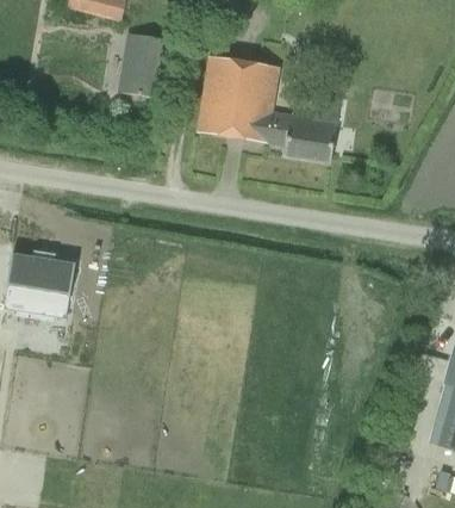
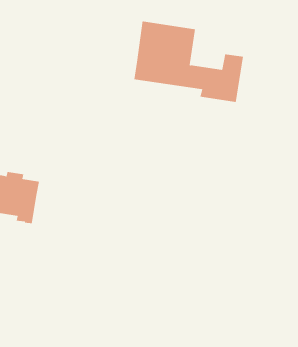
building: [118,36,166,98] -> none

